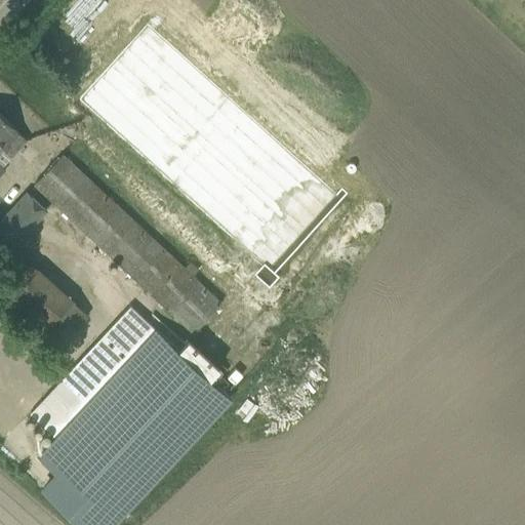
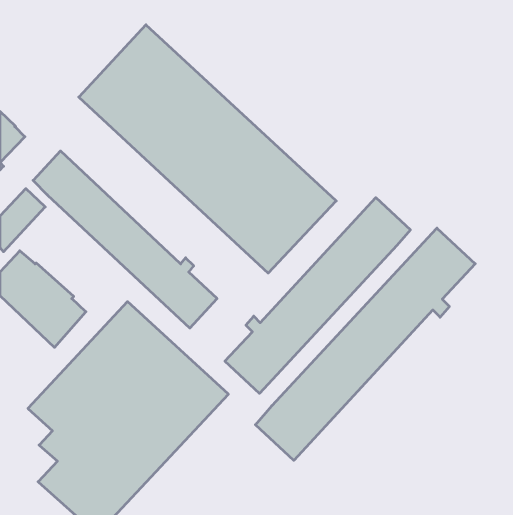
building: none -> [225,198,410,393]
building: none -> [255,228,475,460]

